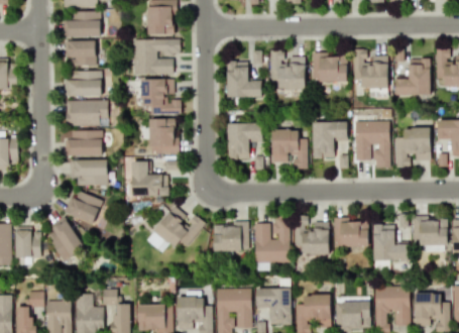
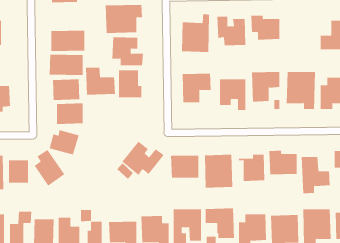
building: [68,40,102,67] -> none
building: [353,49,388,88] -> none
building: [131,161,168,196] -> [85,67,116,95]

